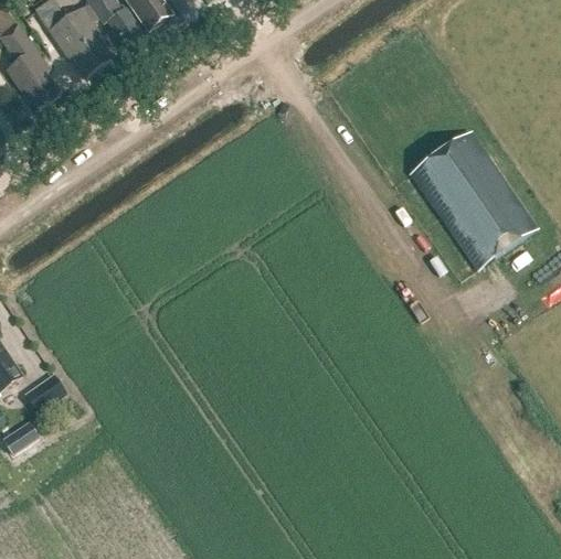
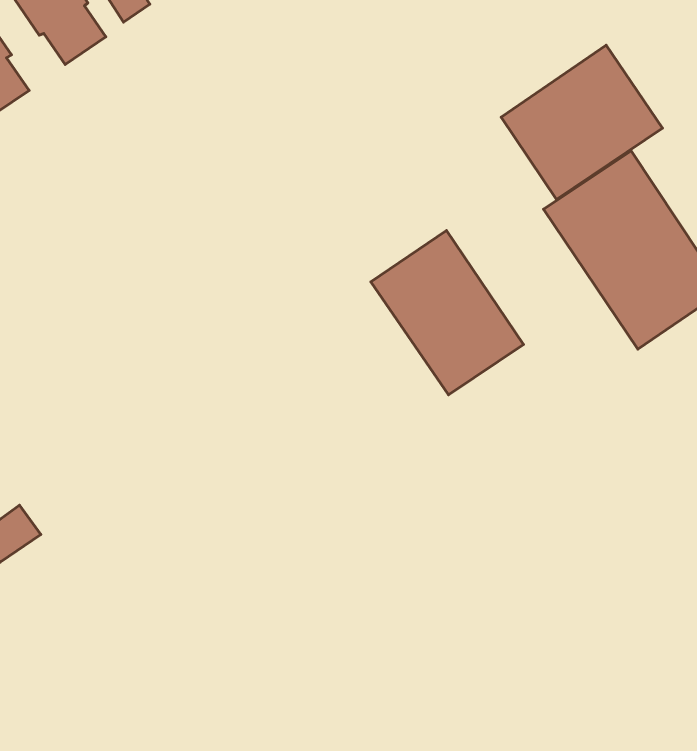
building: none -> [501,45,663,200]
building: none -> [371,230,523,395]

